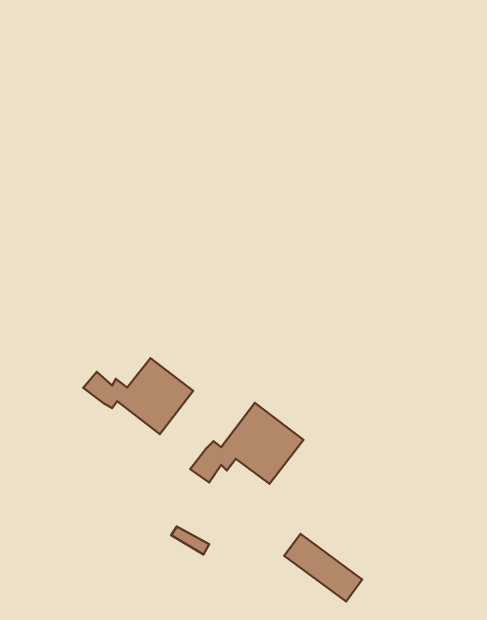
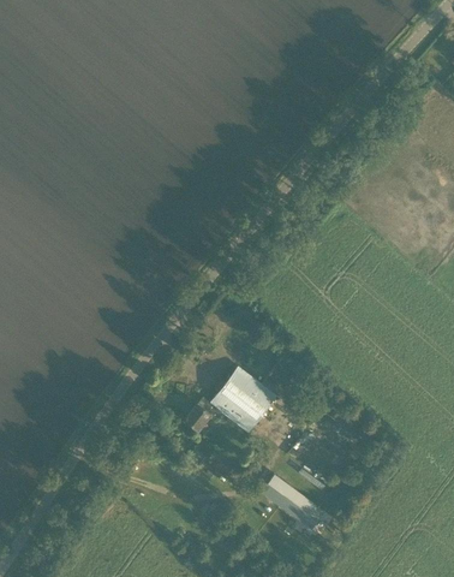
building: [83,358,193,434] -> none

